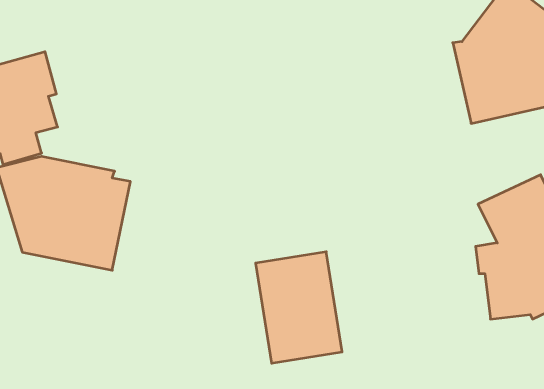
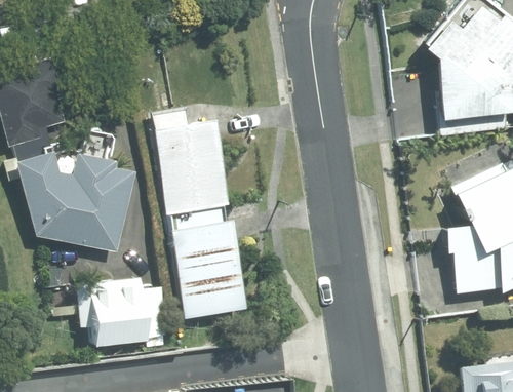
building: none -> [152,118,229,215]
building: [256,252,342,363] -> [168,218,246,318]
building: none -> [77,276,171,347]

